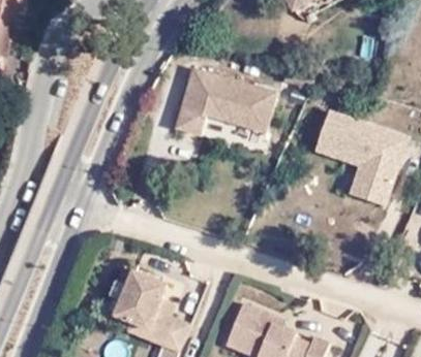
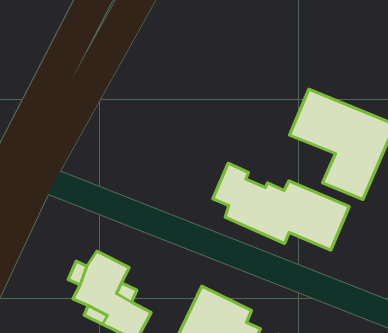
building: [176,68,278,135] -> none
building: none -> [213,163,349,250]

